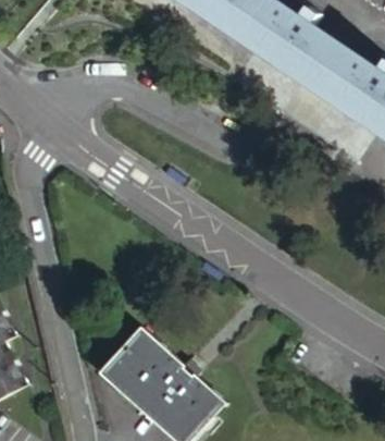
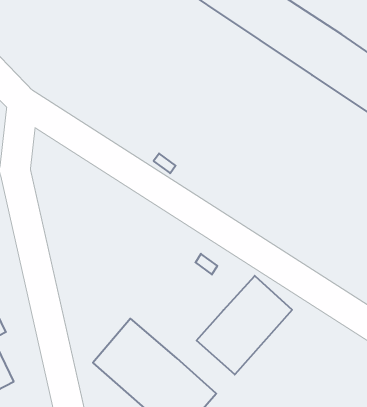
building: none -> [197,276,292,375]

